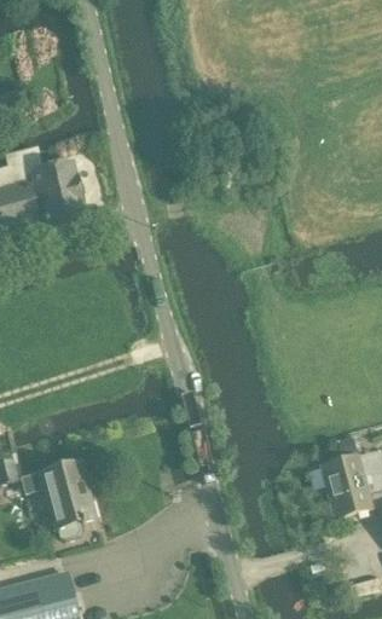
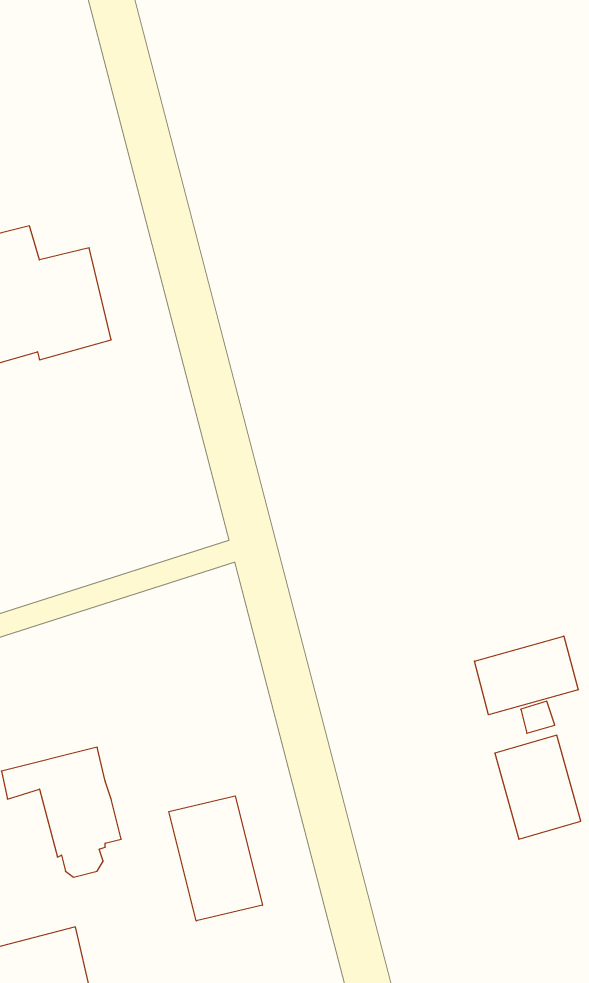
building: none -> [474,636,578,715]
building: none -> [169,796,262,921]

